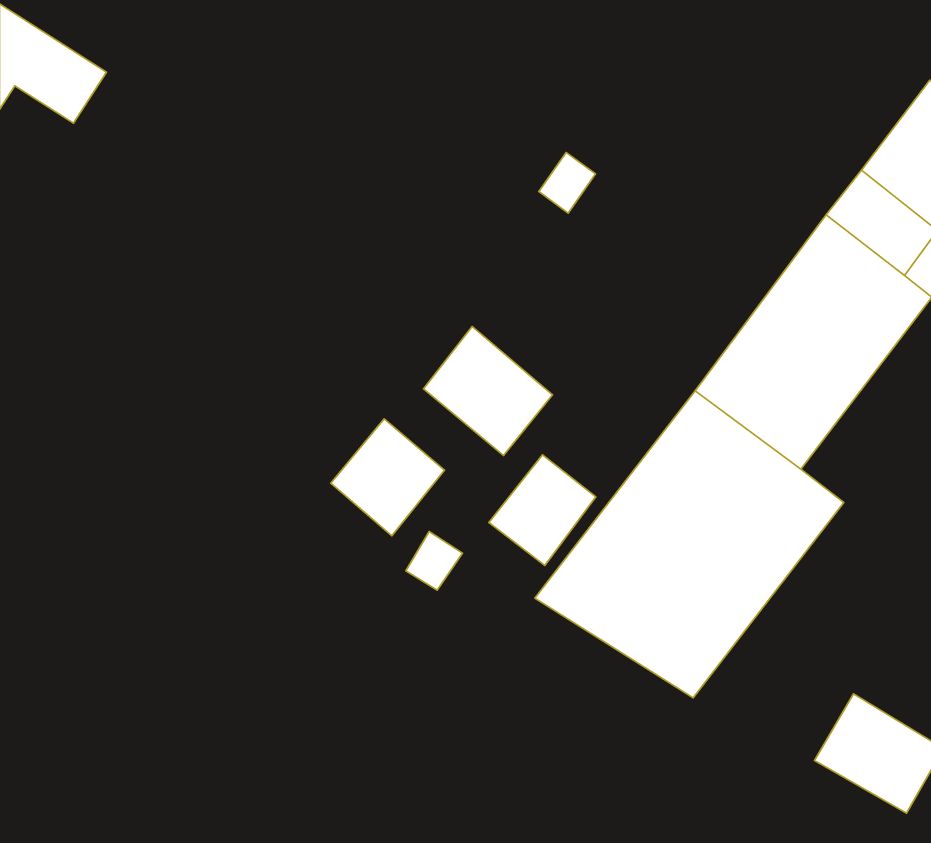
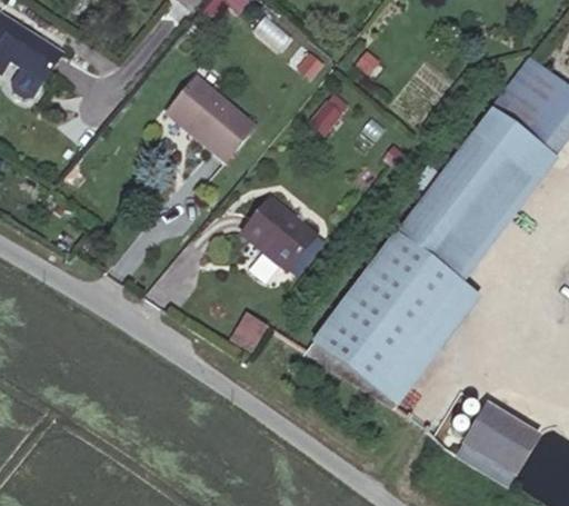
building: none -> [170,76,256,160]
building: [331,419,444,536] -> none
building: [489,455,596,566] -> none

